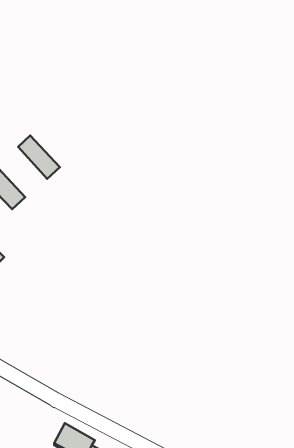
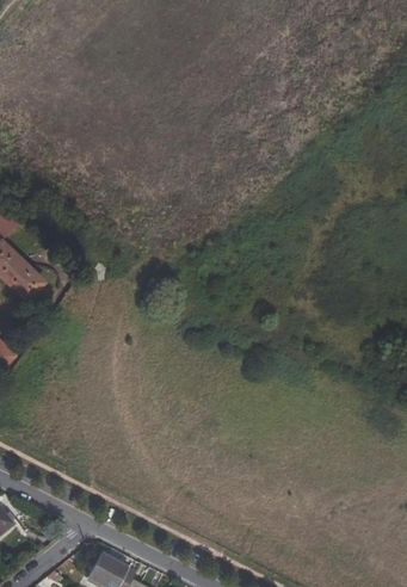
building: [18,135,60,179] -> none

